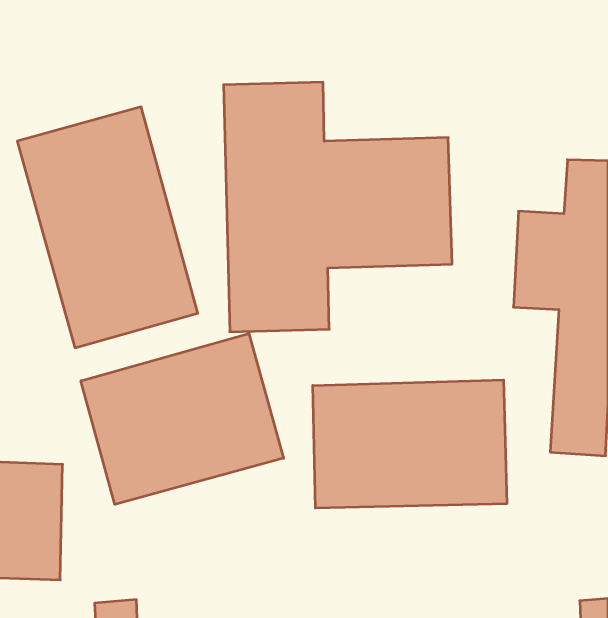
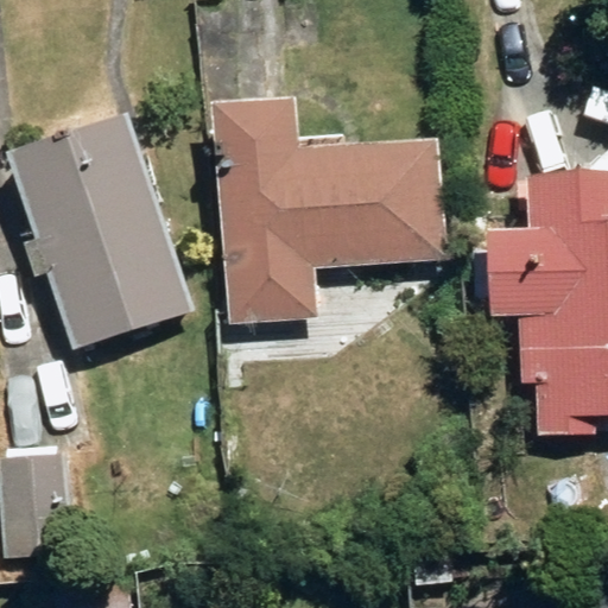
building: [81,333,284,504] -> none
building: [313,380,507,508] -> none

